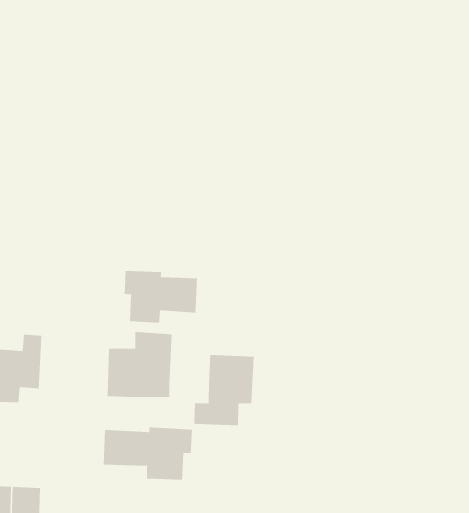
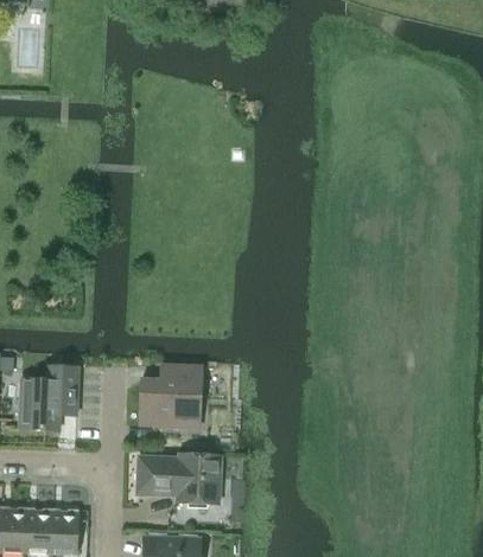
building: [124,270,198,324] -> none
building: [194,354,254,426] -> none

